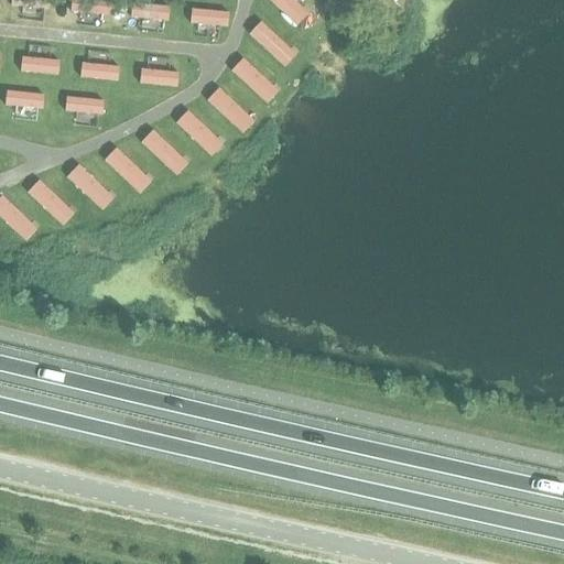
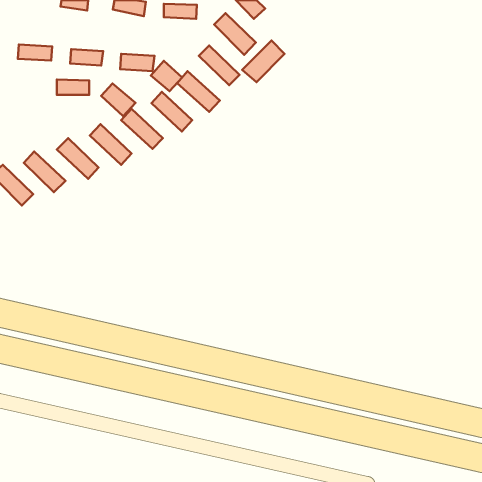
building: none -> [242,41,285,82]
building: none -> [151,61,182,91]
building: [6,88,45,108] -> none
building: none -> [101,83,136,116]

